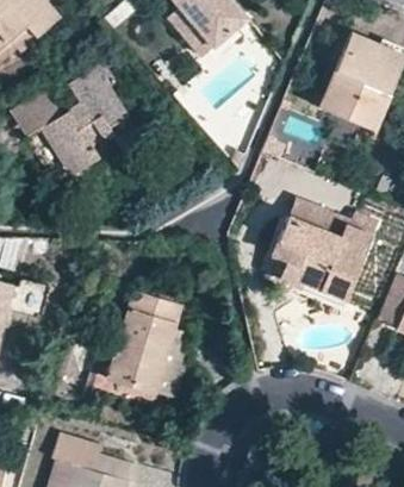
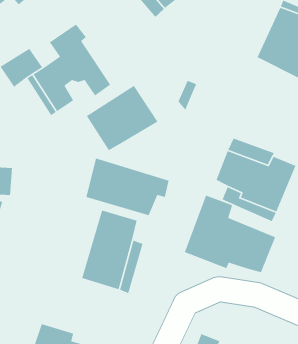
building: none -> [86,85,158,151]
building: none -> [85,157,169,216]
building: none -> [184,195,276,273]

